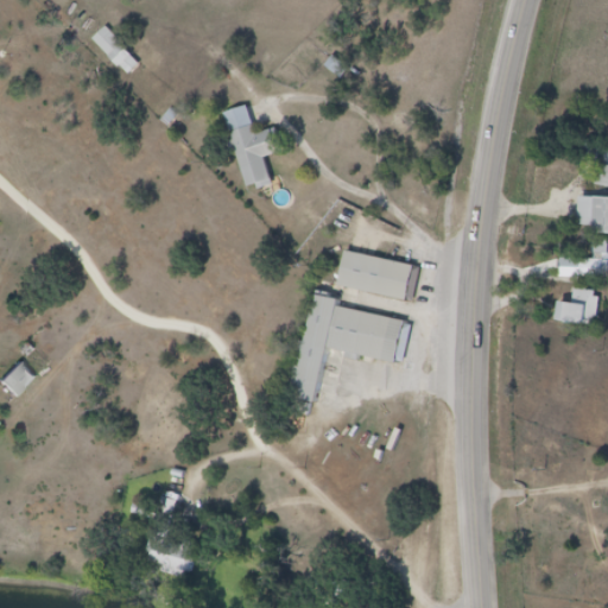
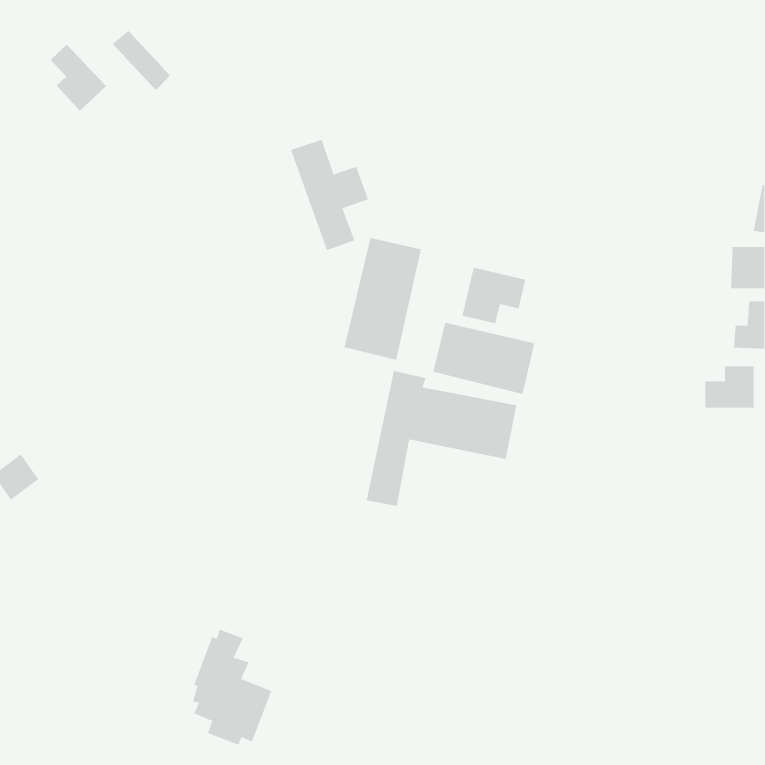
building: none -> [50,44,107,111]
building: none -> [344,237,421,360]
building: none -> [462,267,526,324]

